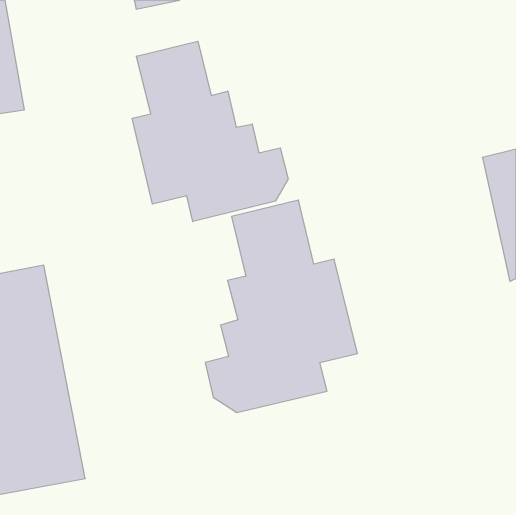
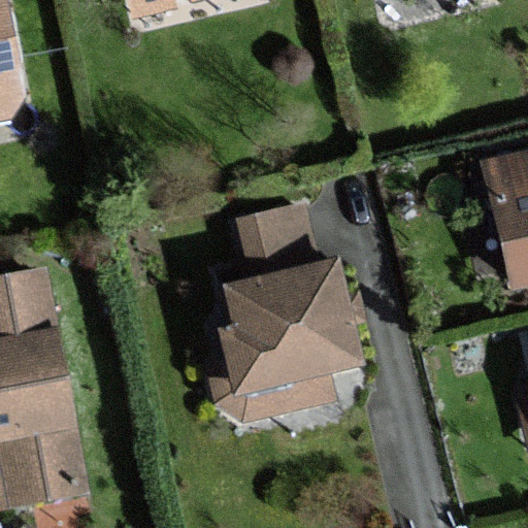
building: [132,41,288,222] -> none

